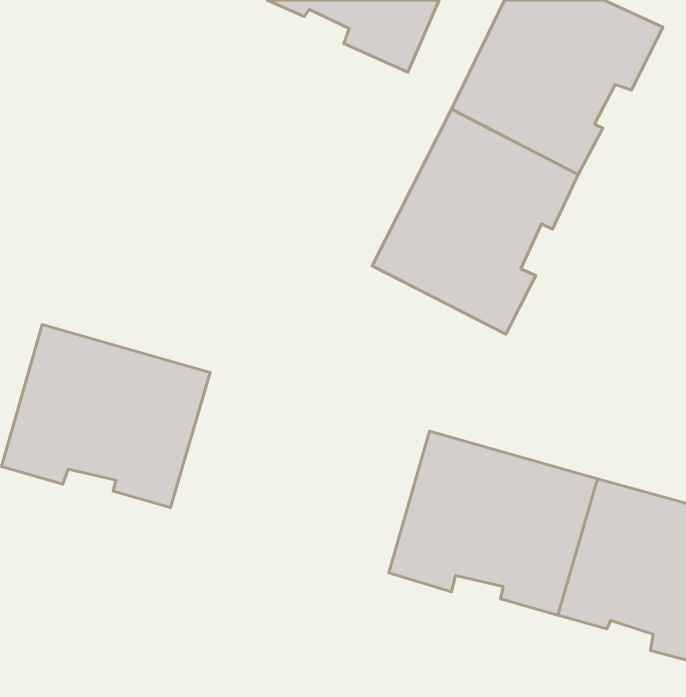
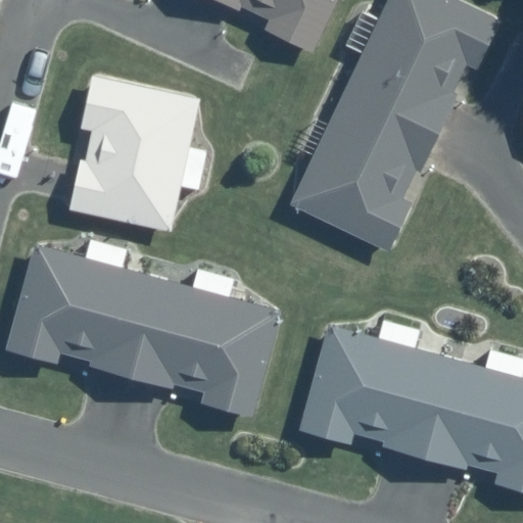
building: none -> [66,74,200,232]
building: none -> [136,279,285,421]

